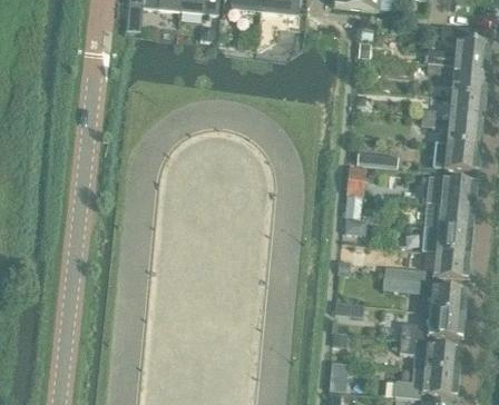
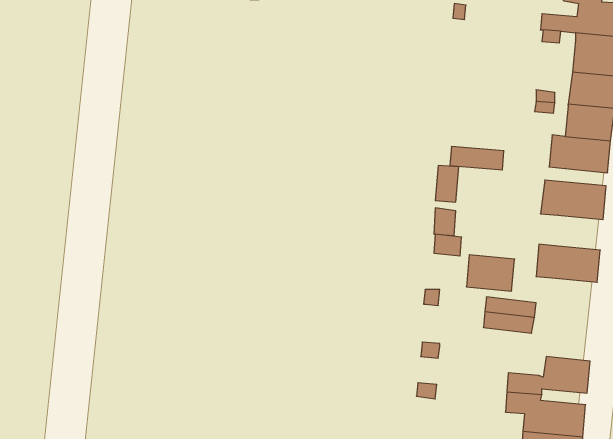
building: [438,204,474,230] -> none
building: [433,251,470,279] -> [466,255,515,291]
building: [427,286,467,315] -> none

